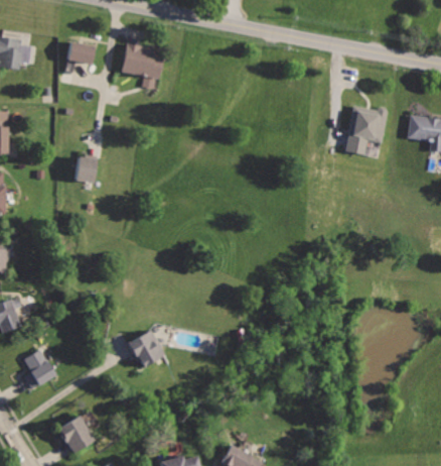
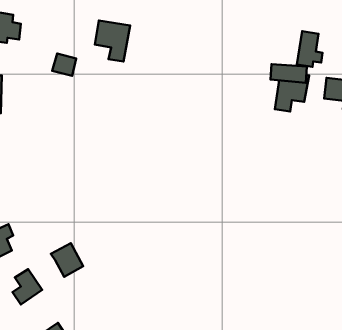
building: [65,39,95,67] -> [52,54,76,76]
building: none -> [297,31,322,67]
building: [75,154,99,184] -> none
building: [127,328,166,369] -> [51,243,83,277]

